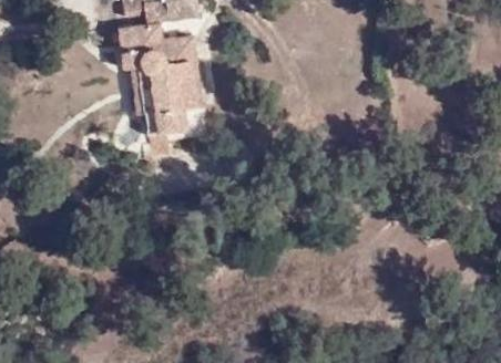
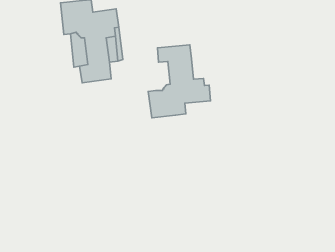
building: none -> [148,45,211,118]

